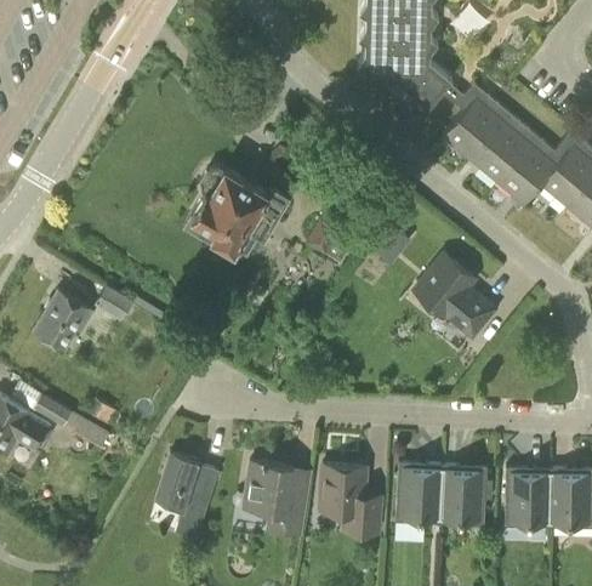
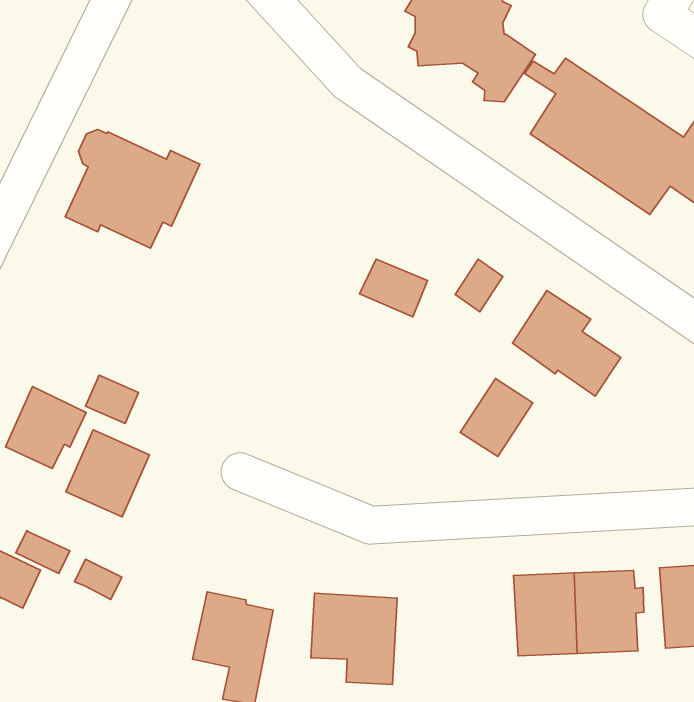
building: [187,167,290,258] -> [65,130,200,248]
building: none -> [460,379,533,456]
building: none -> [66,430,149,517]
building: [319,465,381,534] -> none

